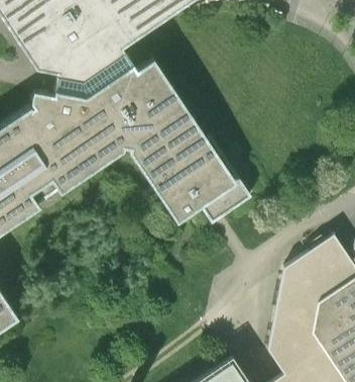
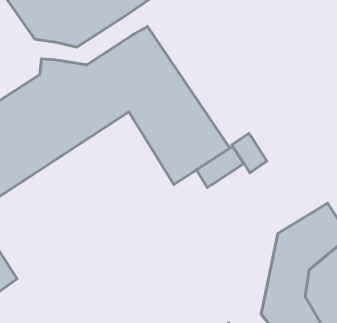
building: [57,46,138,95] -> none
building: none -> [232,133,267,173]

